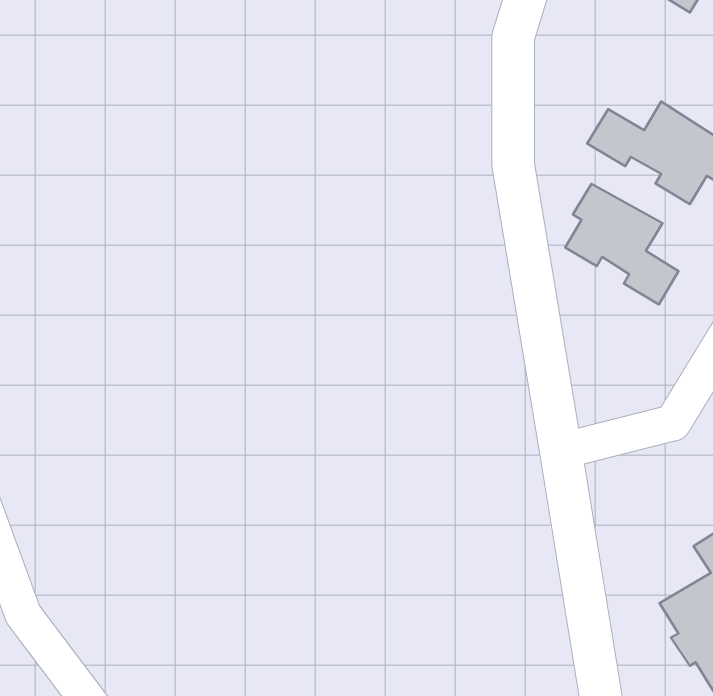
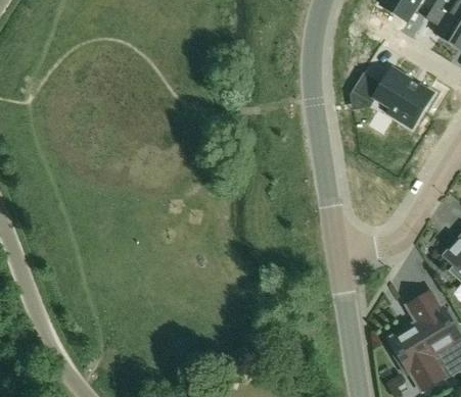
building: [565,184,678,304] -> none

